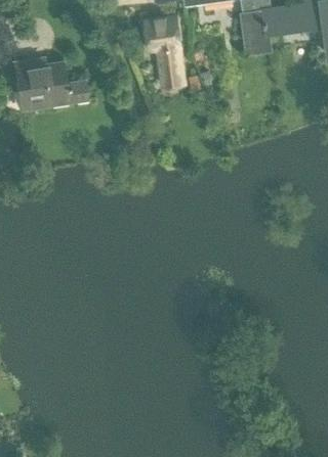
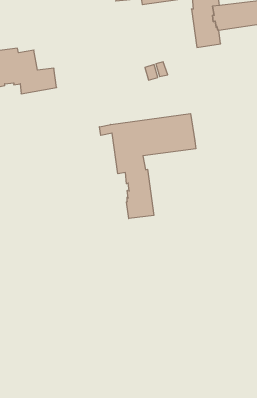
building: [144,16,186,88] -> none
building: none -> [99,114,196,219]

